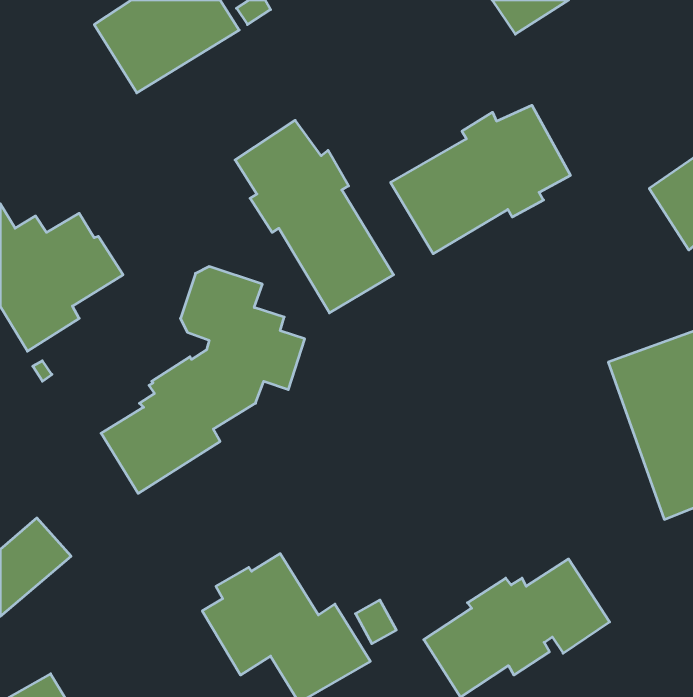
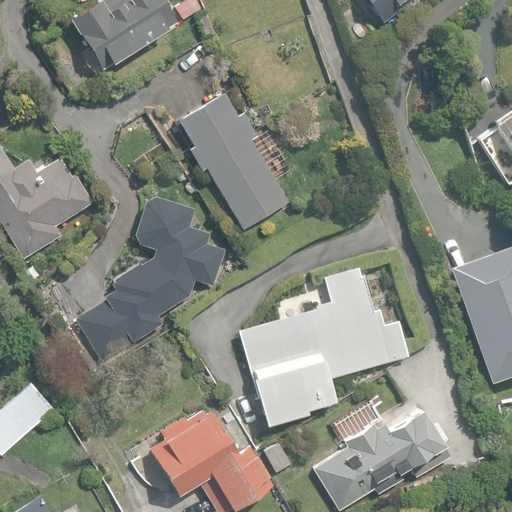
building: [391,105,570,254] -> none
building: none -> [239,267,410,425]

